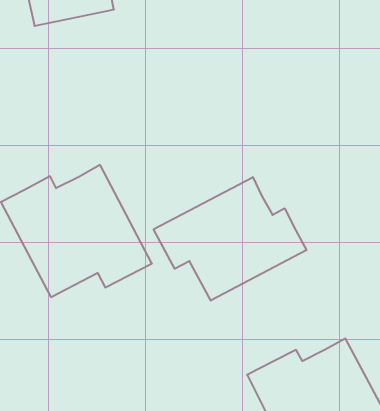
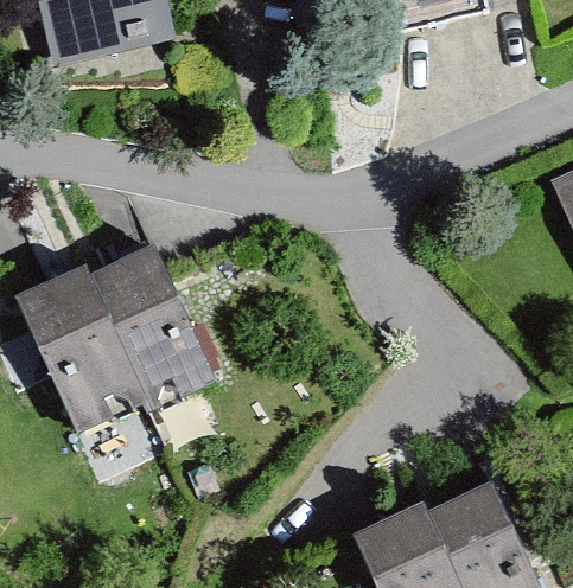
building: [154,177,306,301] -> none

